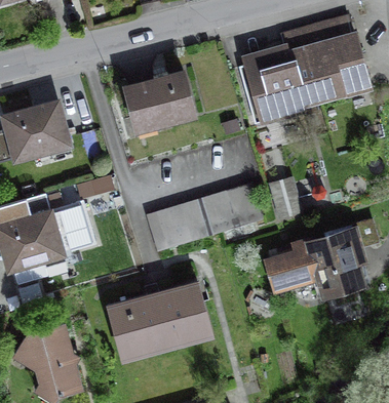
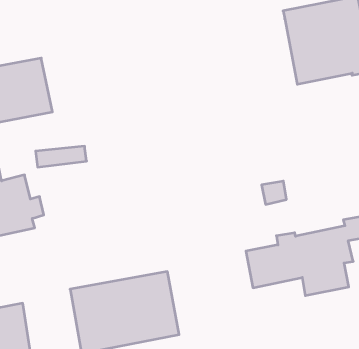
building: [235,45,299,116] -> none
building: [128,68,203,133] -> none
building: [145,187,259,249] -> none

